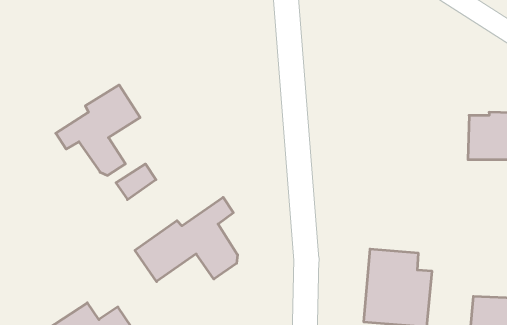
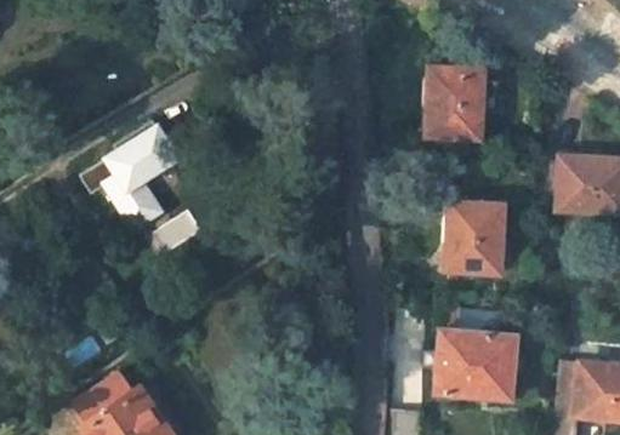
building: none -> [426,65,482,137]
building: none -> [446,202,501,273]
building: [135,197,238,282] -> none

